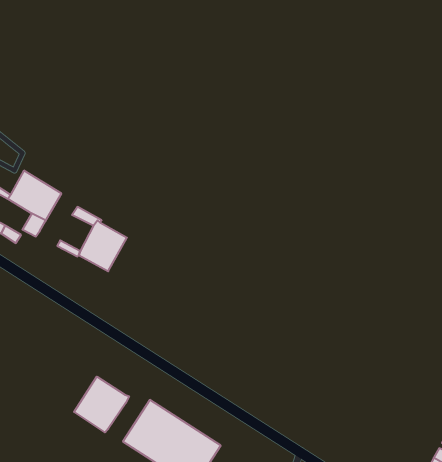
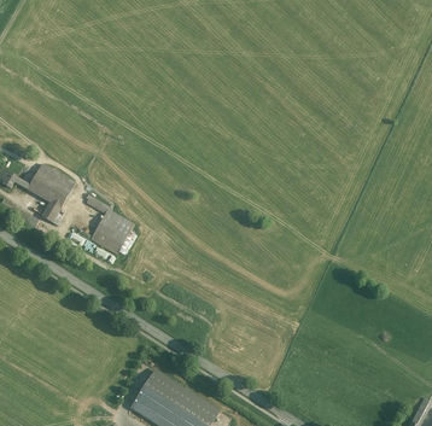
building: [74,377,129,432] -> none

